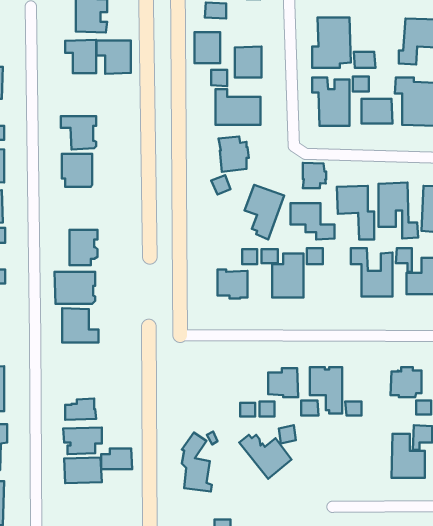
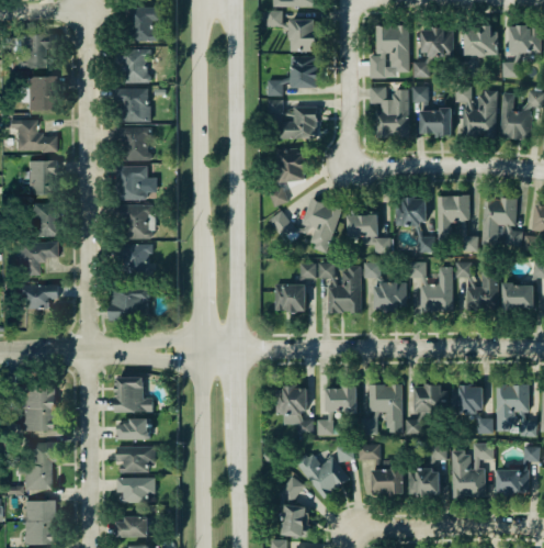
building: none -> [422,30,454,57]
building: [194,32,220,63] -> [291,20,317,52]
building: [97,41,131,74] -> [115,89,150,123]
building: [303,163,326,188] -> none
building: none -> [114,204,151,238]
building: none -> [268,211,299,245]
building: none -> [375,283,407,311]
building: [62,308,99,342] -> [116,376,154,411]
building: none -> [413,383,446,413]
building: none -> [274,387,306,416]
building: none -> [359,444,405,496]
building: none -> [409,444,447,496]
building: [182,432,212,491] -> [280,477,310,537]
building: [101,449,132,469] -> [117,516,149,537]

